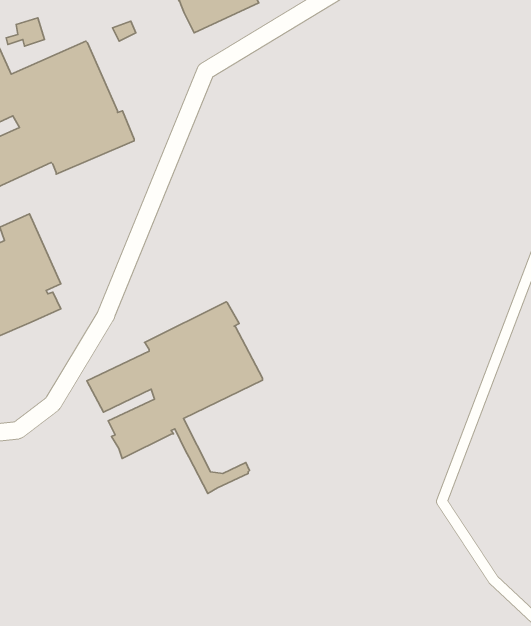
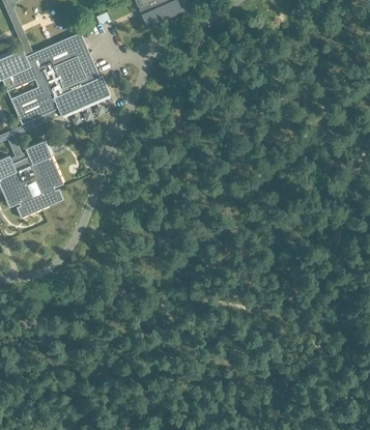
building: [87,302,263,493] -> none

